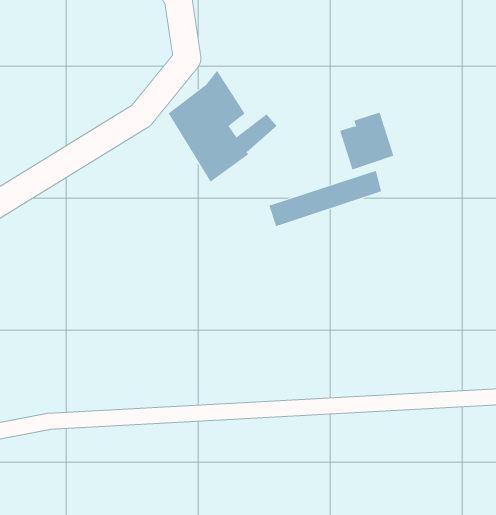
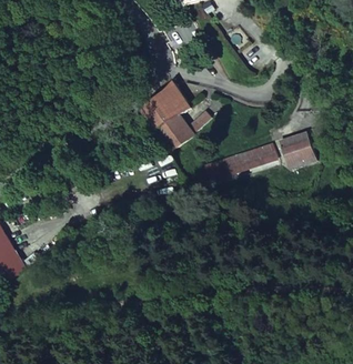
building: [338,112,394,170] -> [279,131,314,168]

